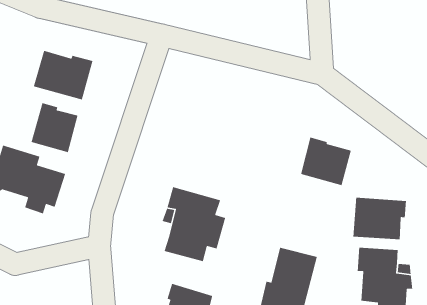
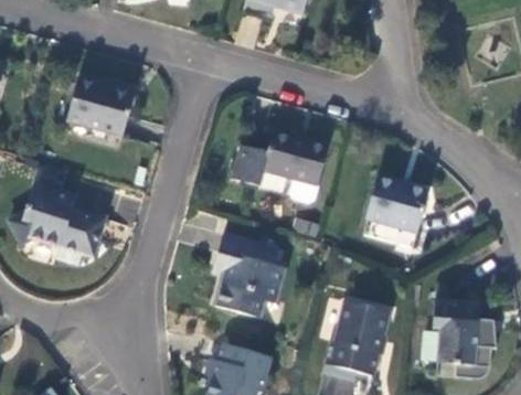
building: none -> [231,132,328,203]
building: [30,102,79,153] -> none
building: [353,197,407,240] -> none

